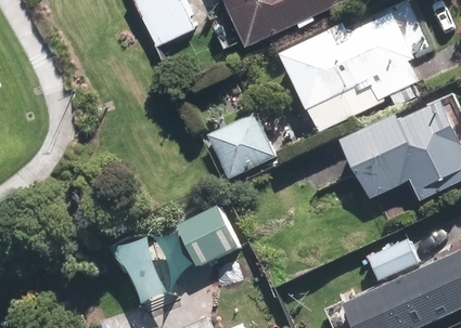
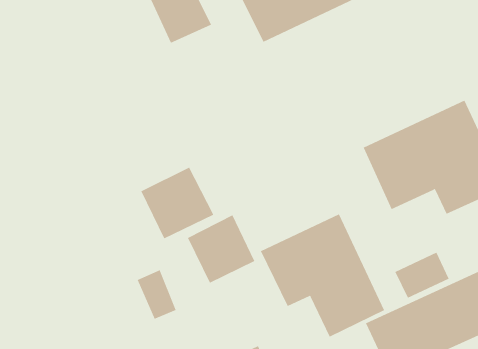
building: [279,14,421,132] -> none
building: [208,113,277,180] -> [140,167,214,239]
building: none -> [260,213,385,337]

